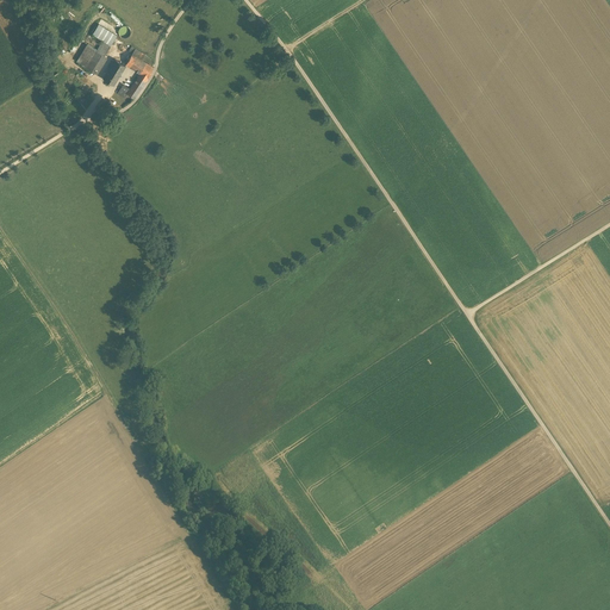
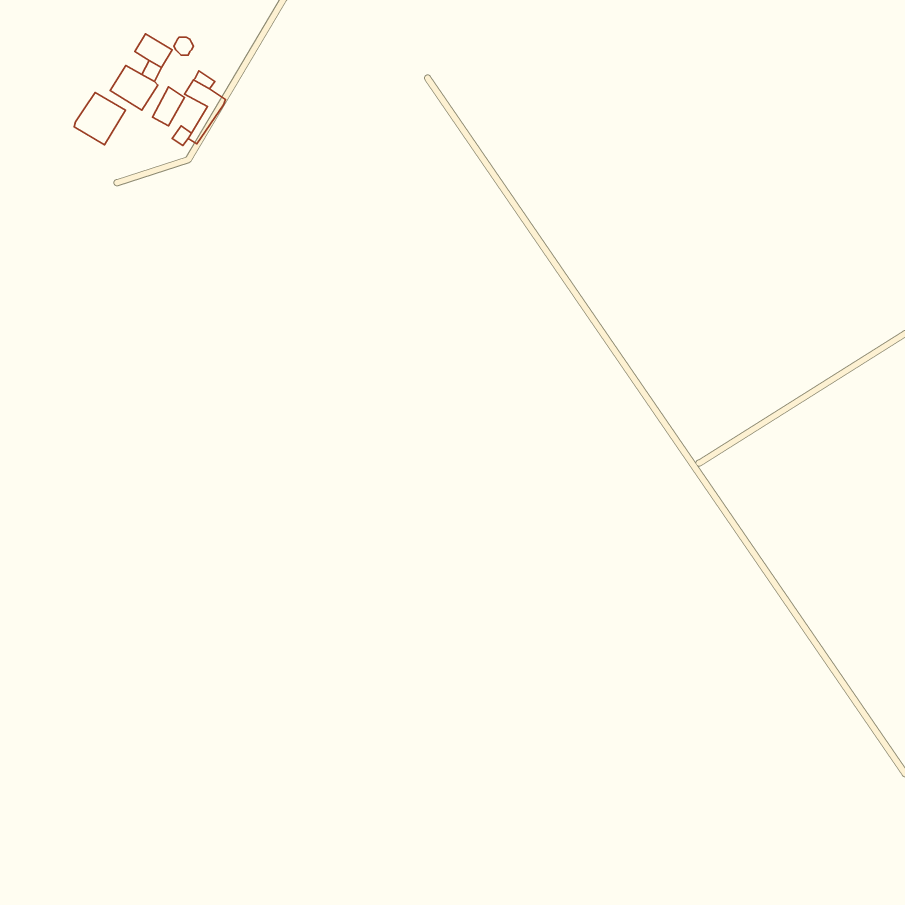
building: none -> [74,92,126,145]

